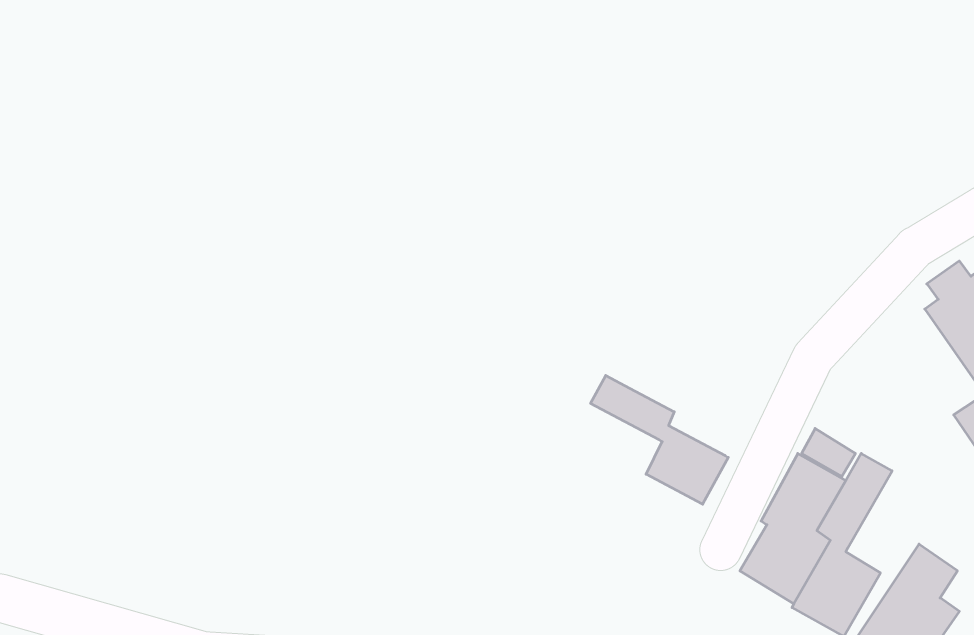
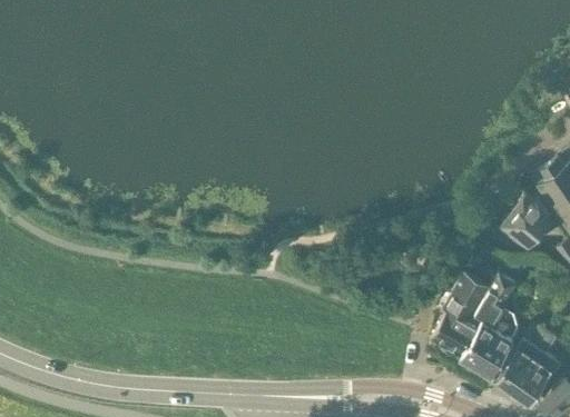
building: none -> [501,196,553,249]
building: [591,375,728,504] -> none

